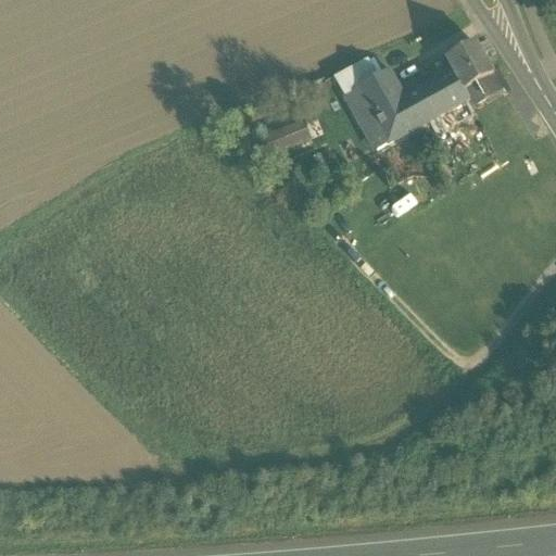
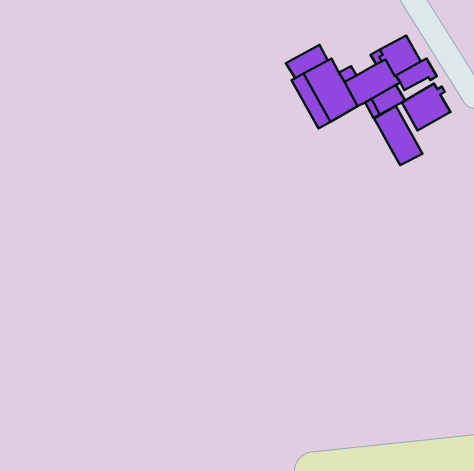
building: none -> [402,84,450,131]
building: [269,119,307,148] -> none
building: none -> [374,106,422,165]

